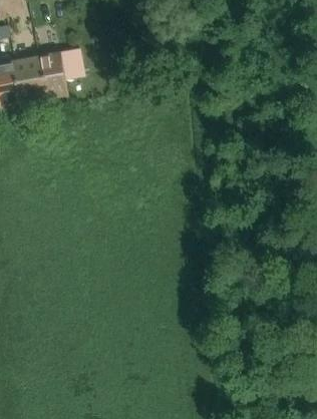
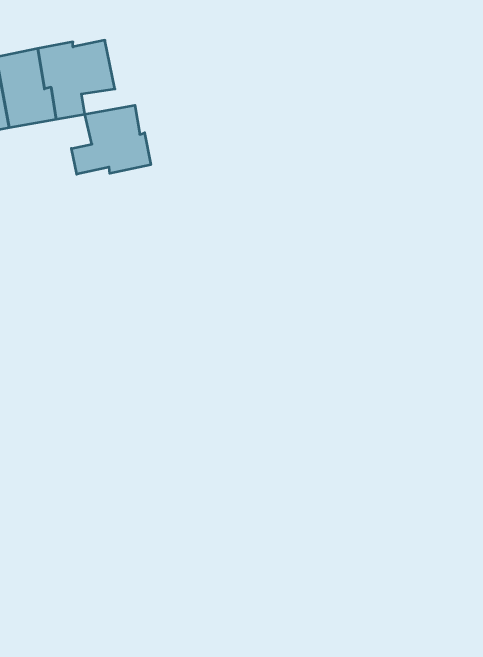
building: none -> [71,105,151,174]

